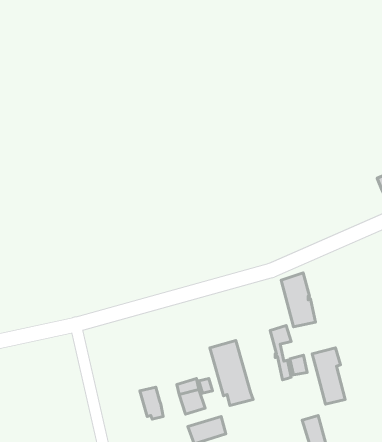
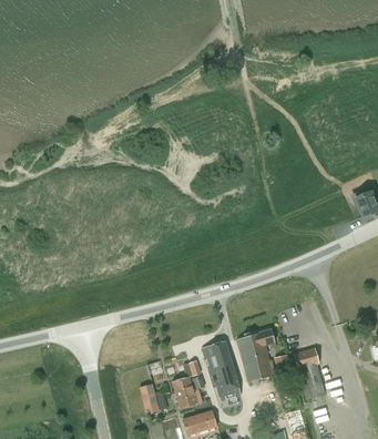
building: [281,273,316,327] -> [236,333,267,381]

